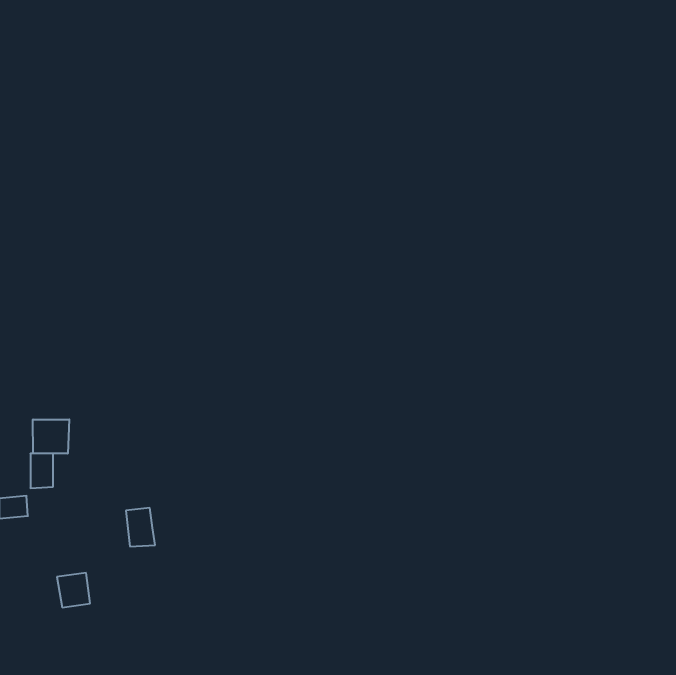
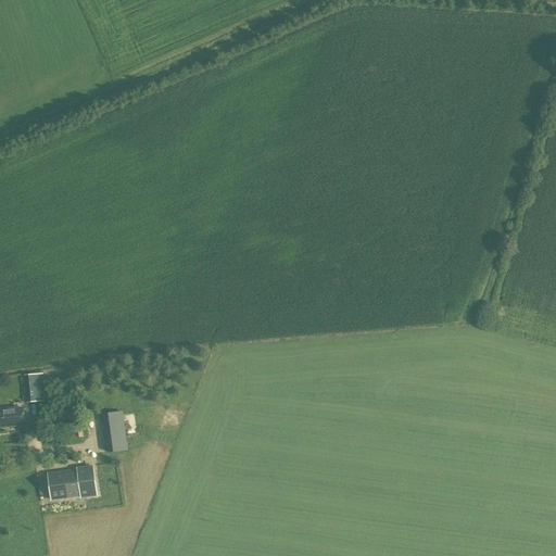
building: [33,419,69,454] -> none
building: none -> [71,465,96,495]

